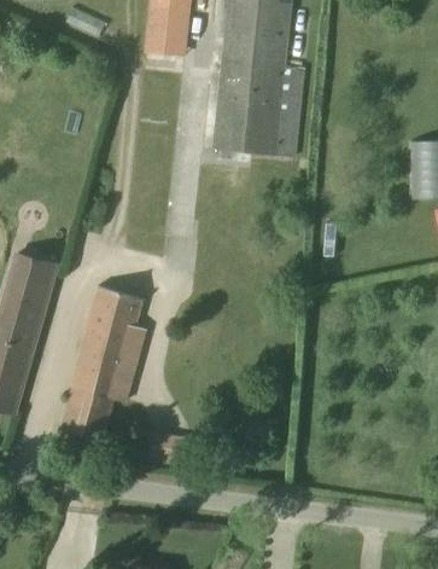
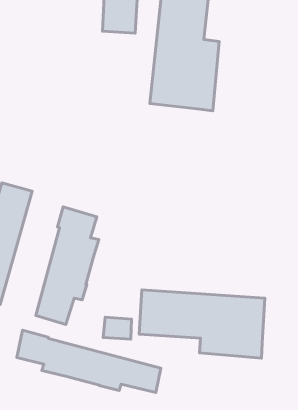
building: none -> [139,290,265,358]
building: none -> [17,330,161,393]

